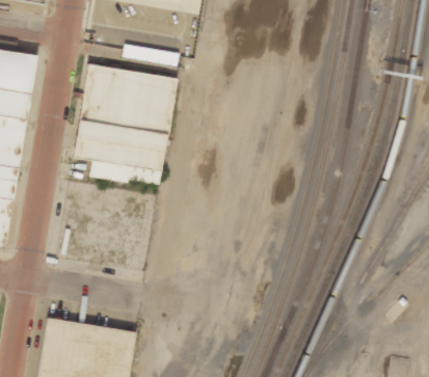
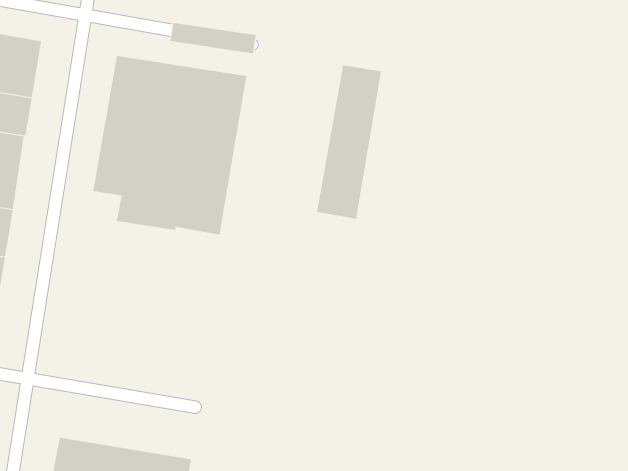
building: none -> [316,64,381,219]

